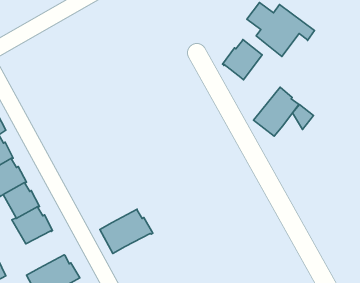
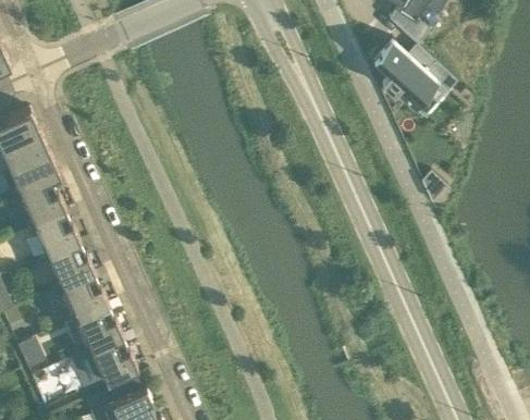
building: [222,40,262,80] -> none
building: [254,87,299,136] -> none
building: [100,209,153,254] -> [57,307,123,360]

